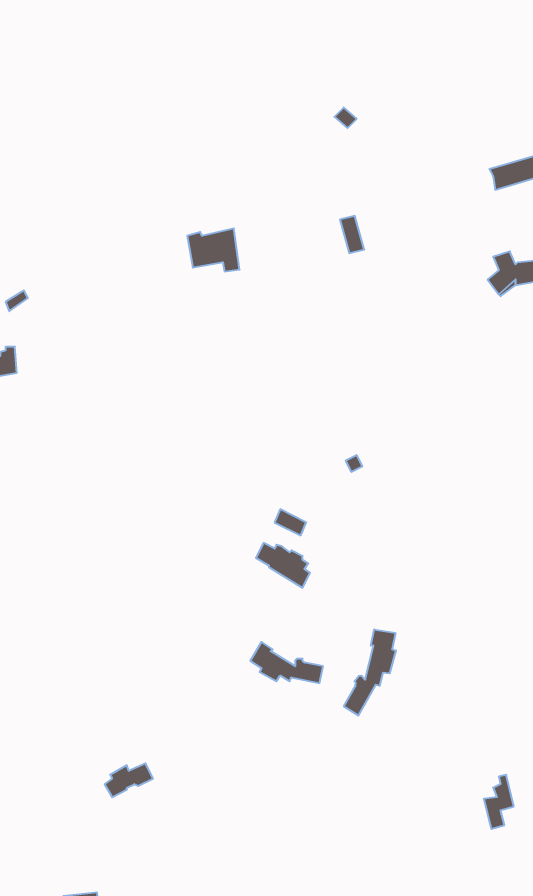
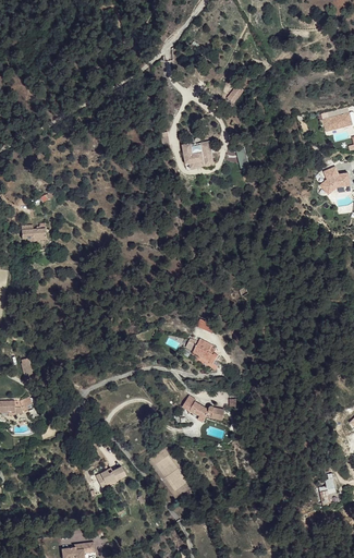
building: [187,228,240,271] -> [182,141,212,166]
building: [344,629,396,716] -> none

